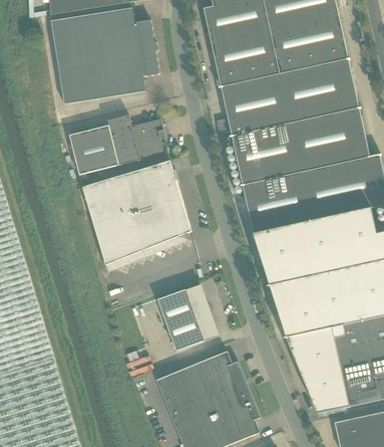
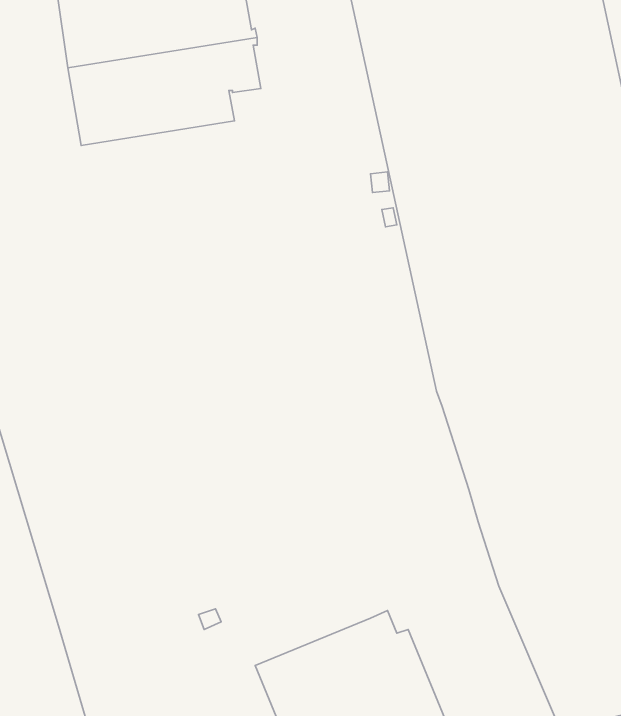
building: [69,115,165,174] -> none
building: [82,160,190,264] -> none
building: [157,285,218,350] -> none

